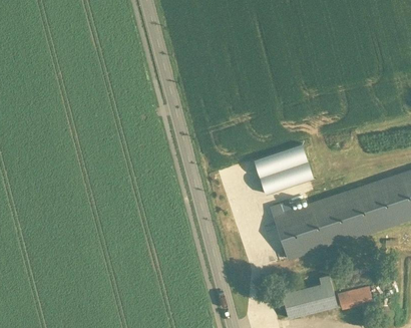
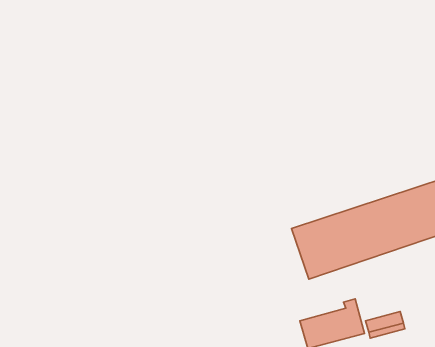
building: [255,145,313,194] -> none

